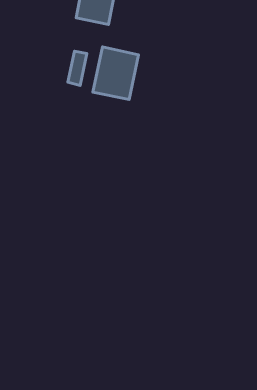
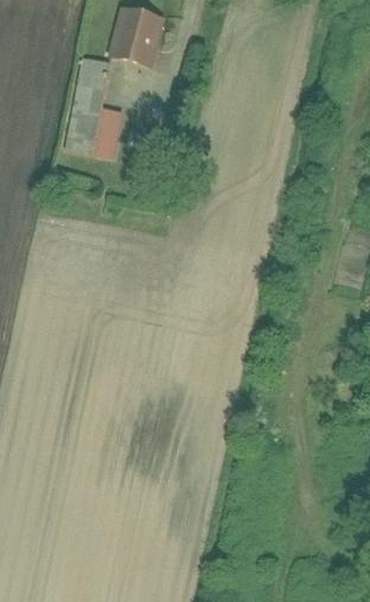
building: [93,47,138,99] -> none

